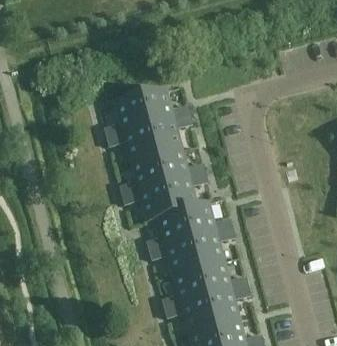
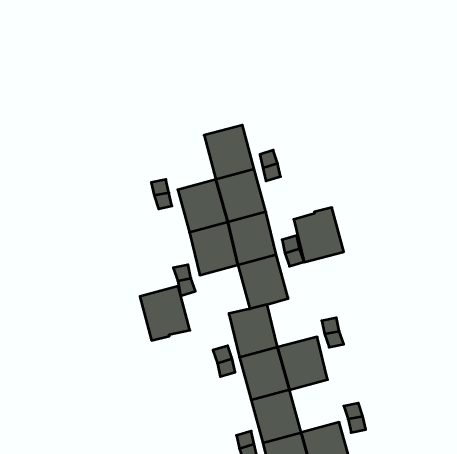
building: [114,94,148,131] -> none
building: [137,182,171,219] -> [140,286,190,340]
building: [183,201,217,238] -> [294,208,344,262]
building: [198,260,232,296] -> none

